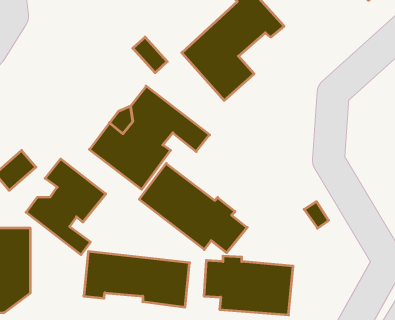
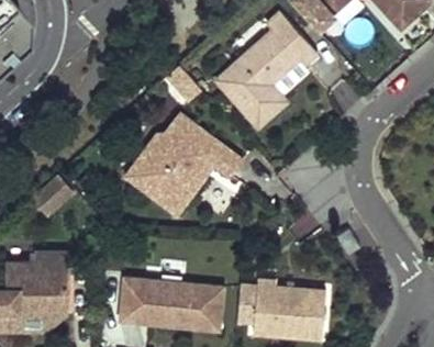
building: [26,159,106,255] -> none
building: [139,163,247,253] -> none

